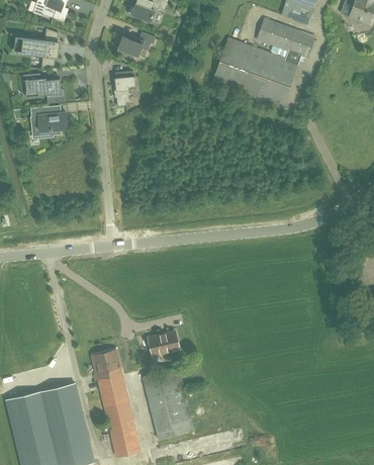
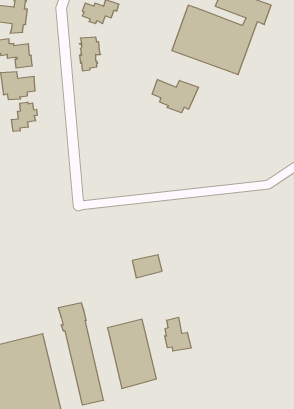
building: none -> [152,79,198,113]
building: none -> [11,102,37,131]
building: [148,332,179,356] -> [132,255,162,278]
building: none -> [165,317,191,351]

